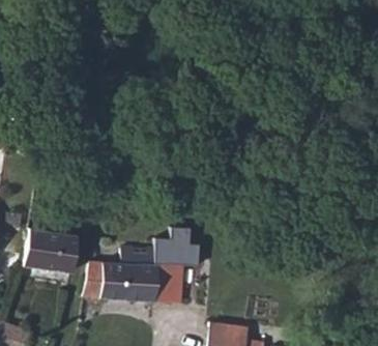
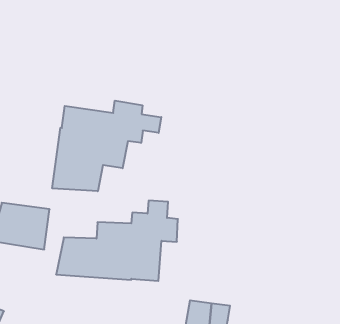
building: none -> [52,101,161,191]

